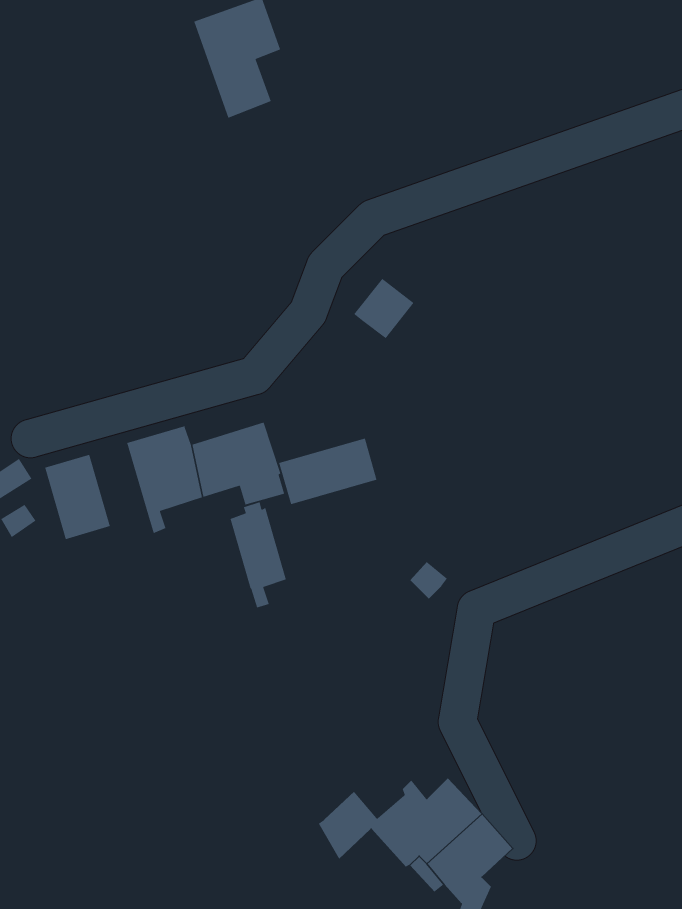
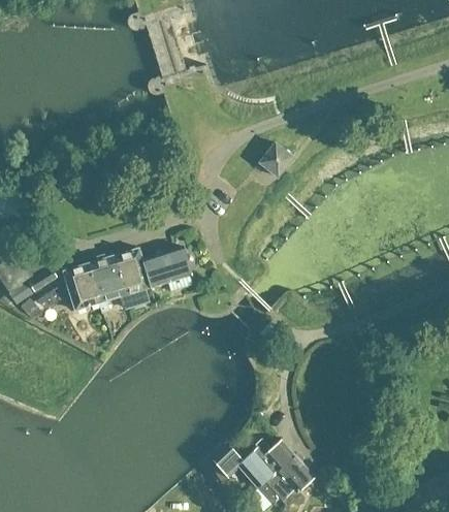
building: [353,278,415,339] -> [259,143,292,177]
building: [278,437,378,505] -> none
building: [230,501,287,608] -> [87,255,118,313]

